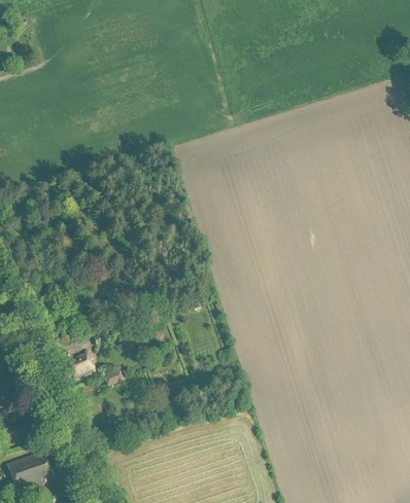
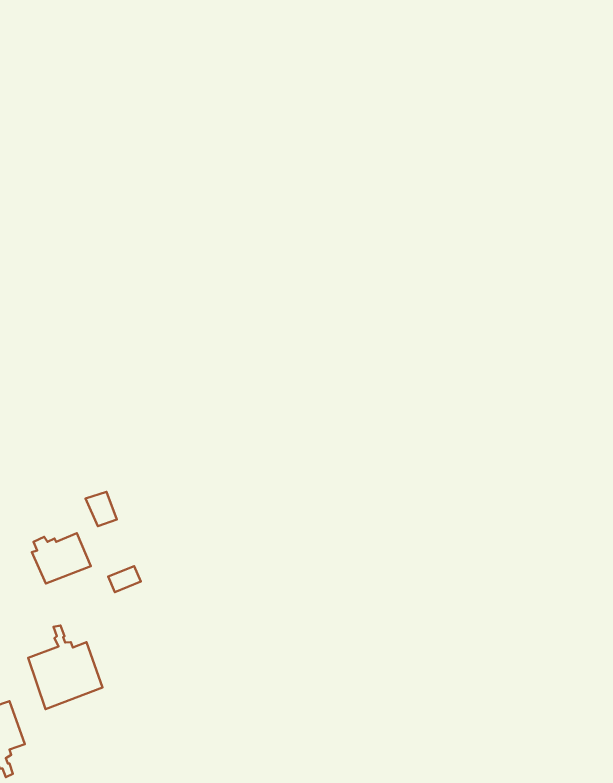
building: none -> [28,626,103,709]

